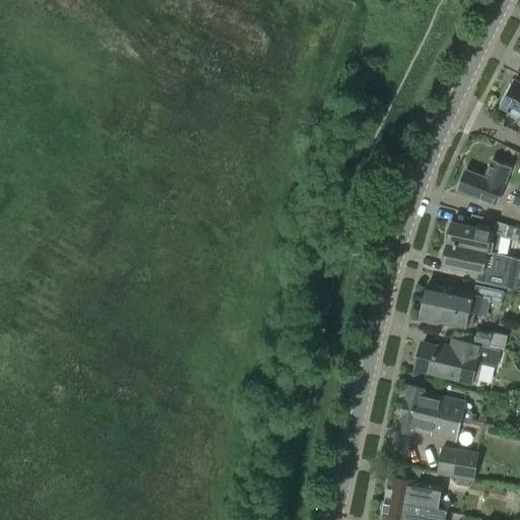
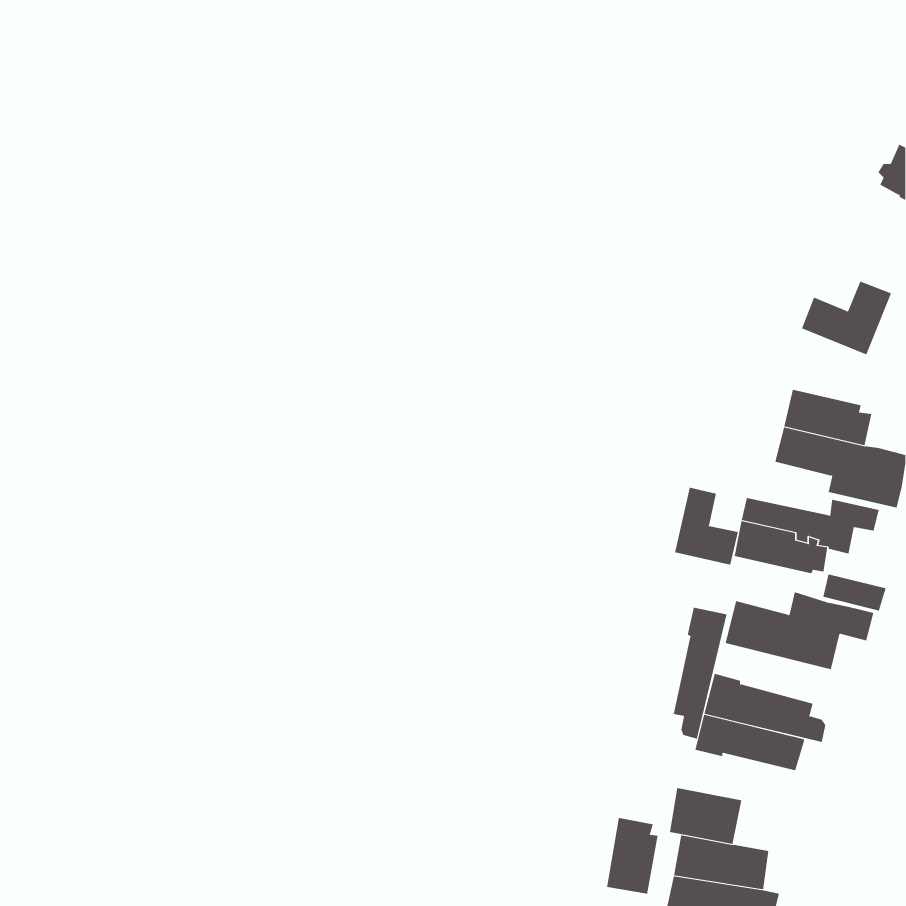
building: none -> [674,487,739,565]
building: none -> [673,607,727,740]
building: [438,448,479,480] -> [669,788,742,844]
building: none -> [607,817,658,895]

